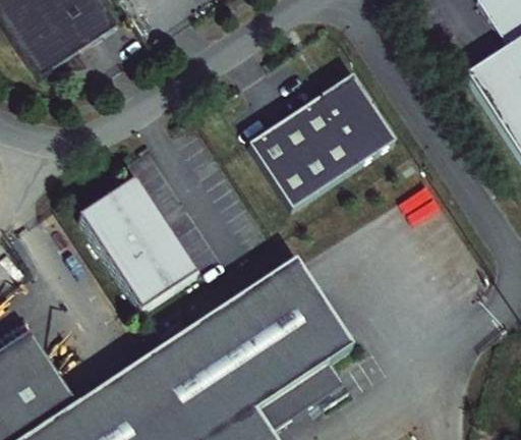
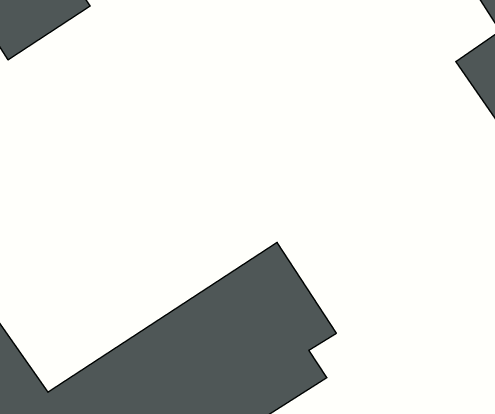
building: [249,79,396,213] -> none
building: [75,172,194,304] -> none

